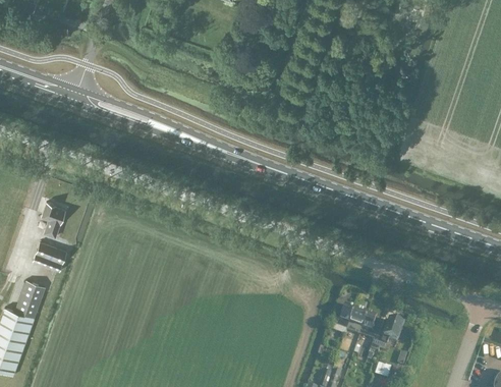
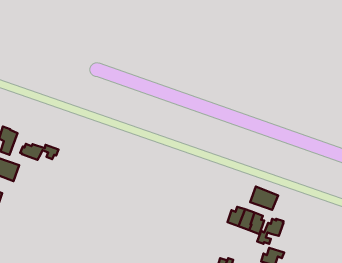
building: none -> [20,144,58,160]
building: none -> [250,187,278,210]

